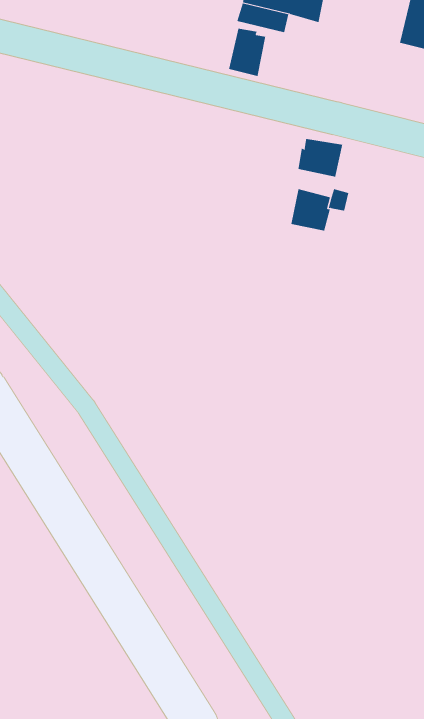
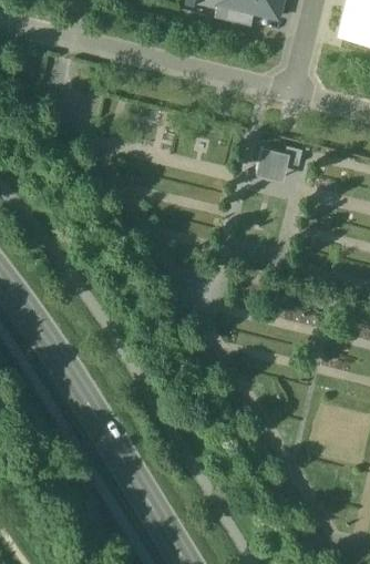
building: [228,28,266,77] -> none
building: [298,138,343,177] -> none

